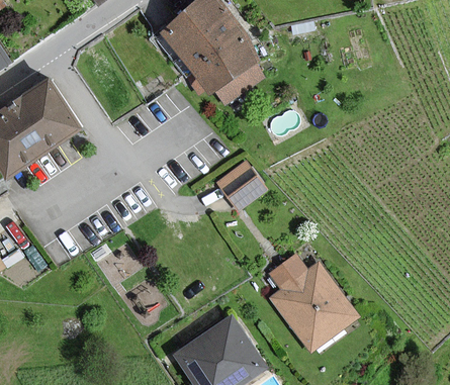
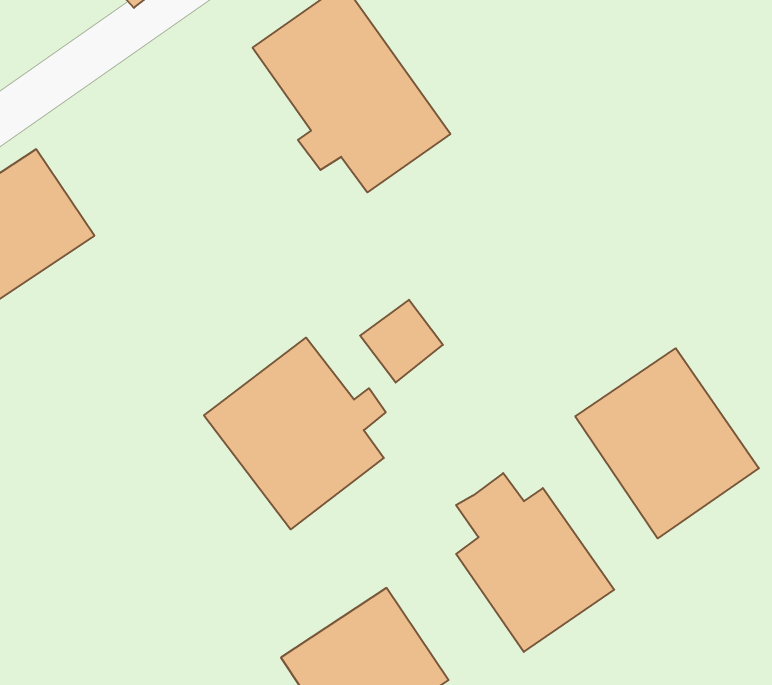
building: none -> [204,338,386,529]
building: none -> [575,348,759,538]

